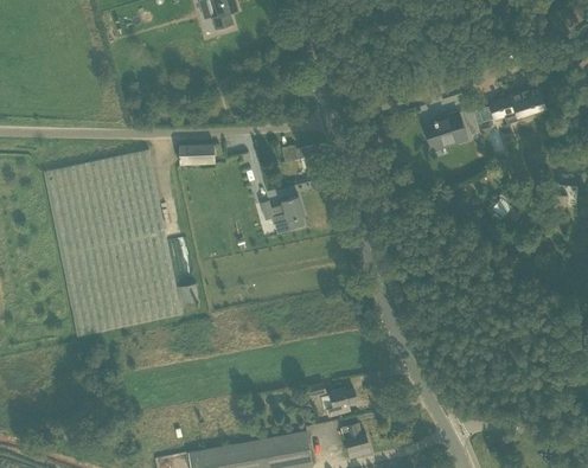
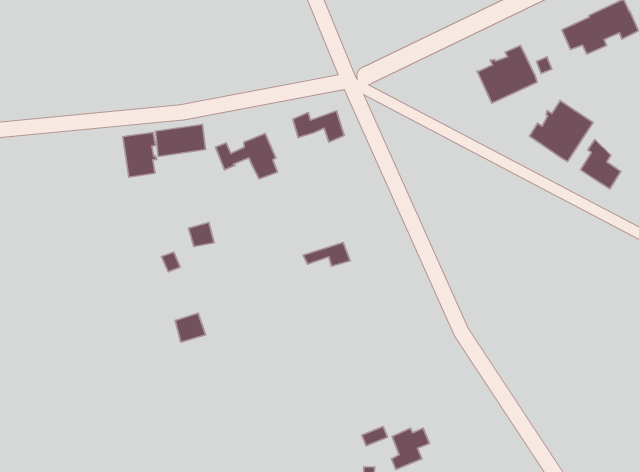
building: none -> [123,132,157,177]
building: none -> [529,101,593,161]
building: [260,197,303,230] -> [216,134,277,179]

